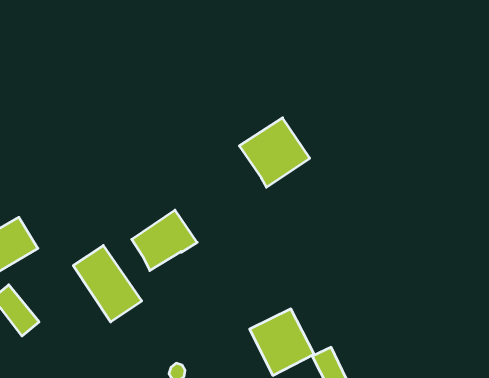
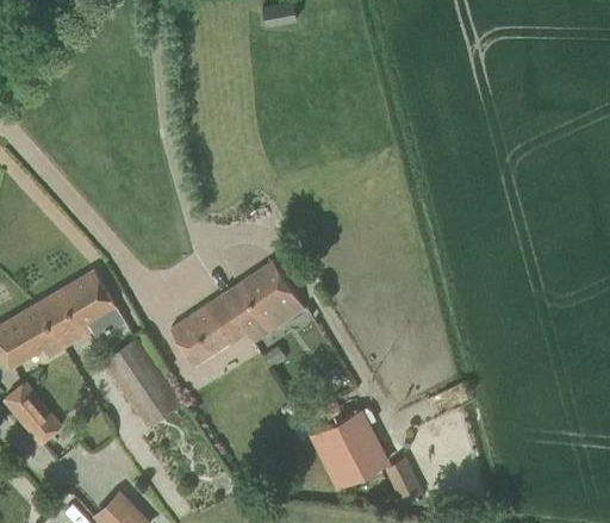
building: [239,118,310,187] -> [222,262,305,344]
building: none -> [37,270,124,341]

